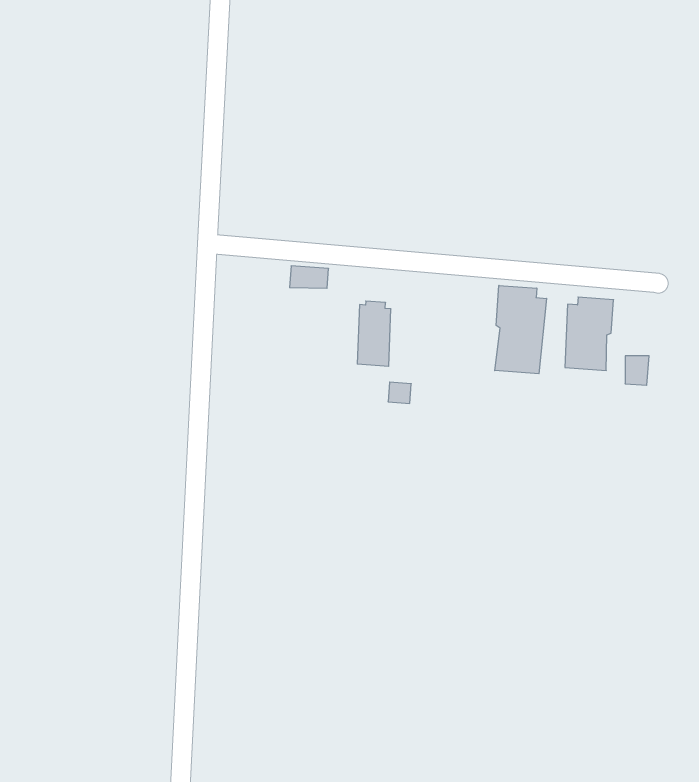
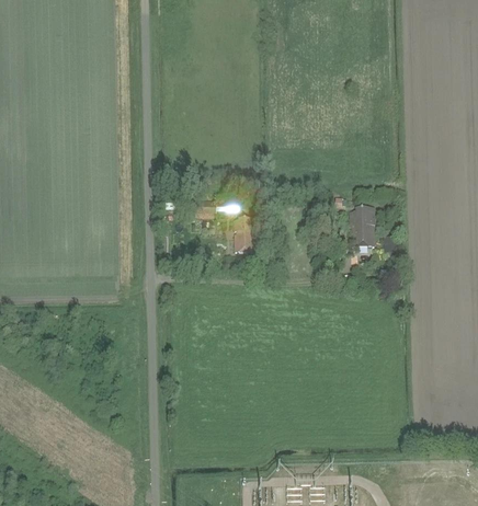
building: [495,285,547,374] -> none

